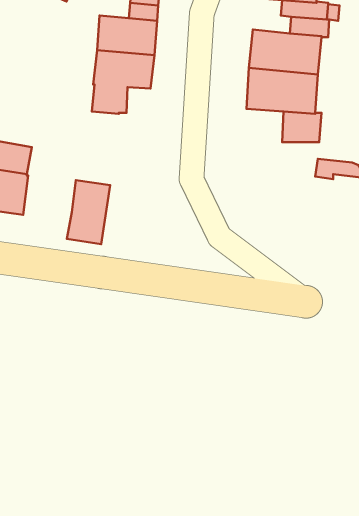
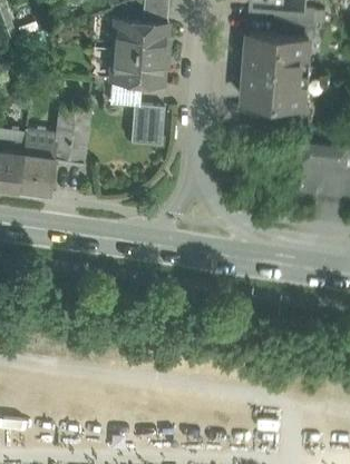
building: none -> [130,108,164,148]
building: [67,180,110,244] -> [52,110,90,166]

